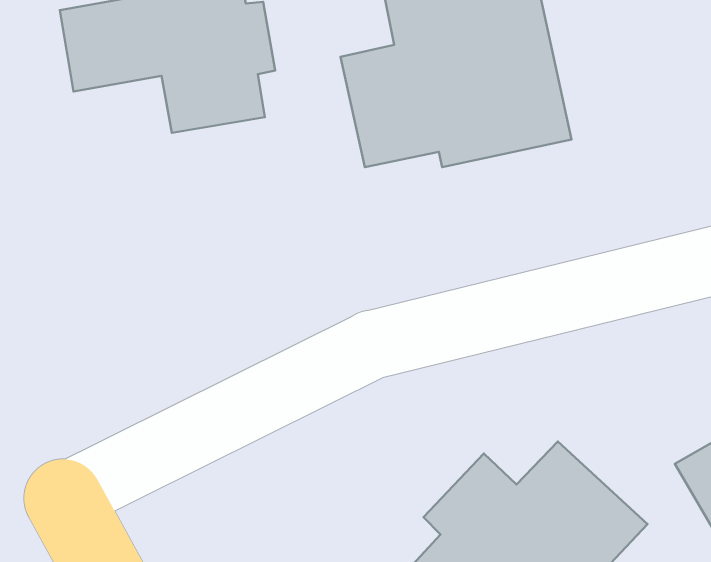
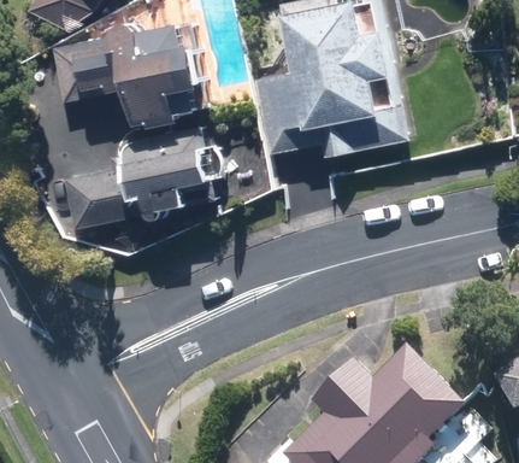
building: none -> [66,136,216,225]

